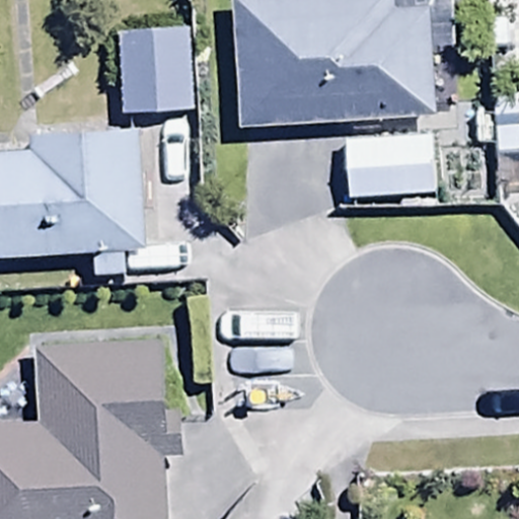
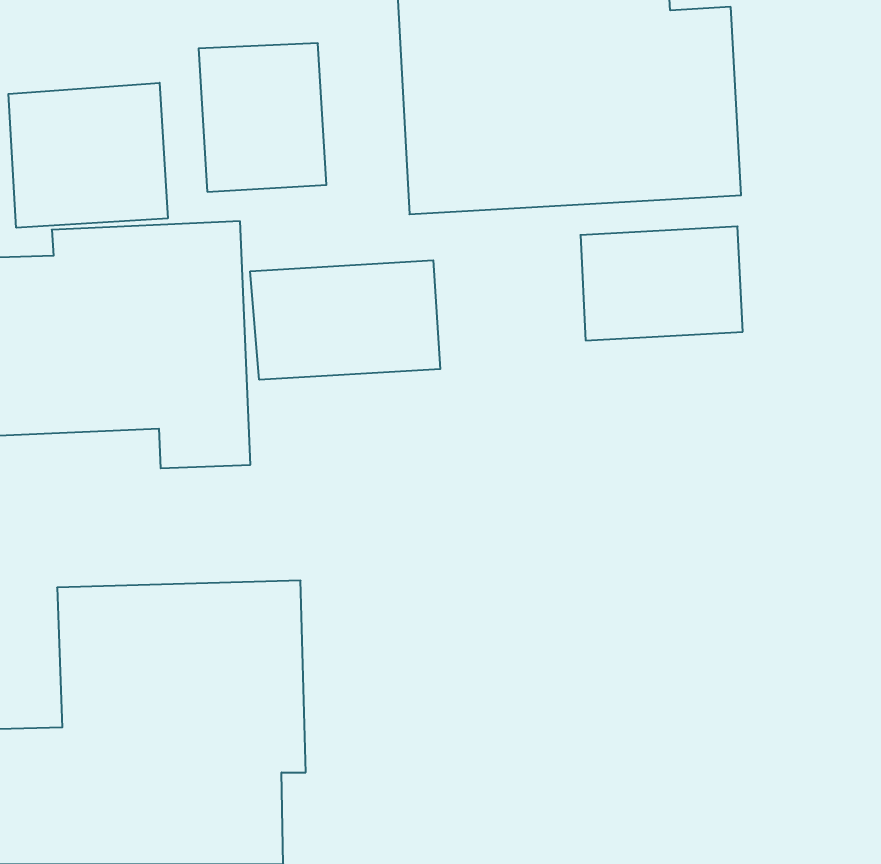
building: none -> [8,83,168,228]
building: none -> [250,260,440,380]

